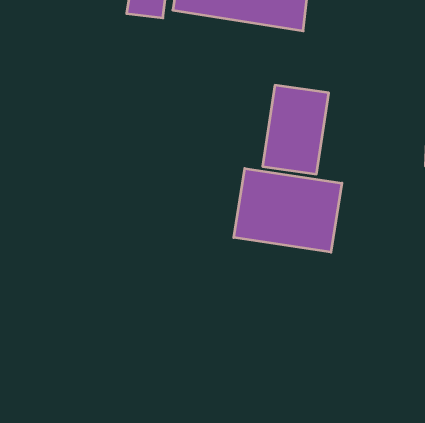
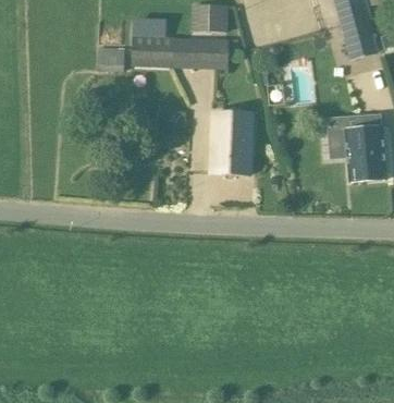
building: [234,168,342,252] -> none

